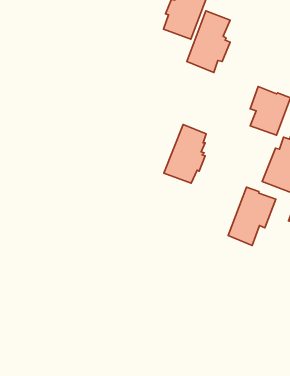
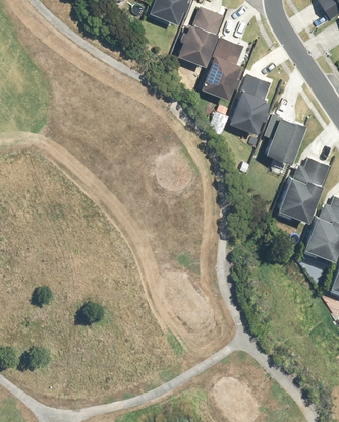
building: [164,125,206,183] -> [228,74,271,133]
building: [228,187,276,245] -> none

